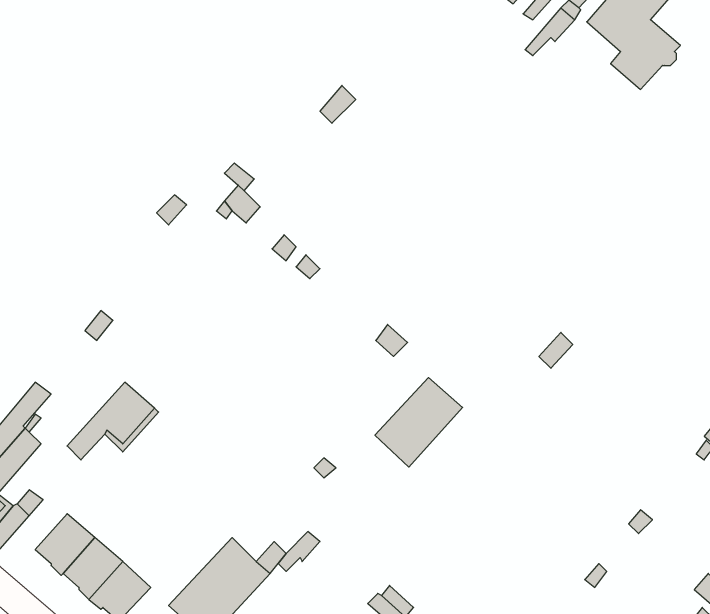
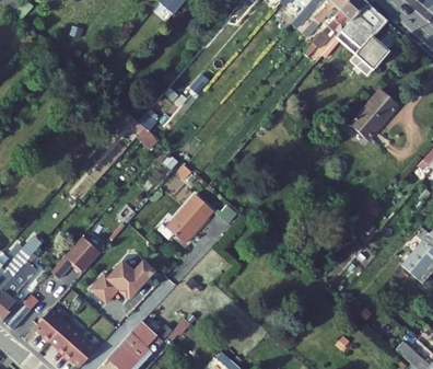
building: none -> [351,91,397,139]
building: [375,378,463,467] -> [166,195,214,244]
building: none -> [92,263,153,302]

